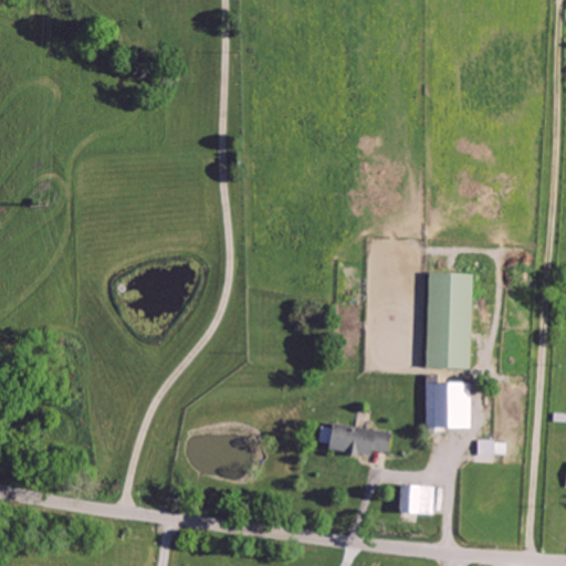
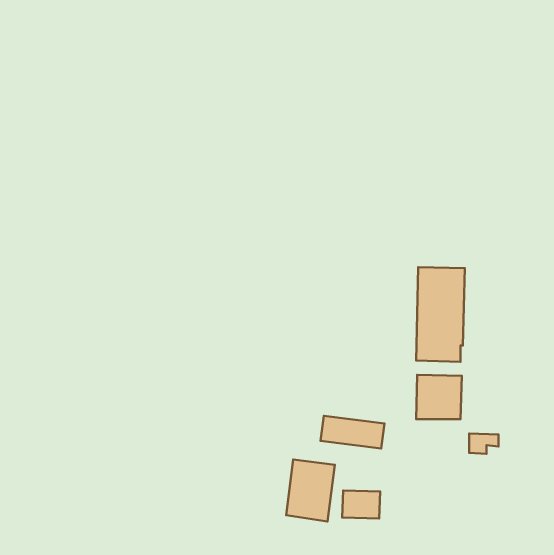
building: none -> [286,460,335,522]
building: [396,484,434,513] -> [342,490,380,519]

